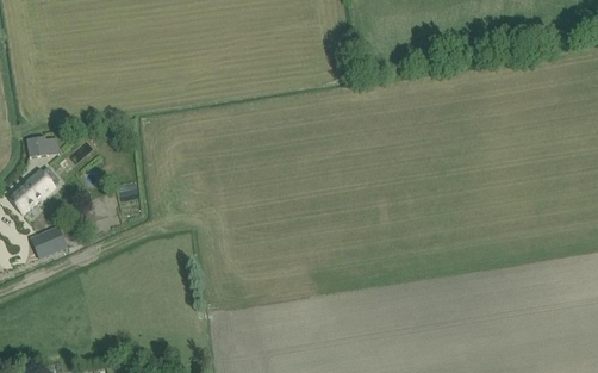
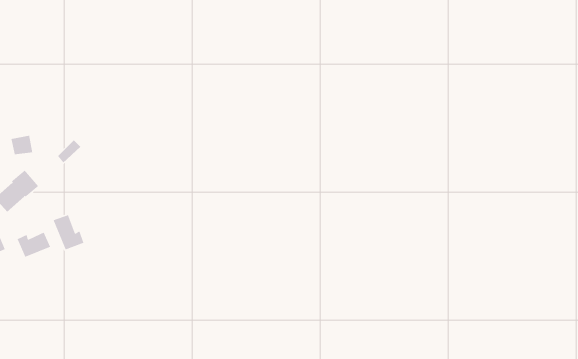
building: none -> [53,214,85,250]

